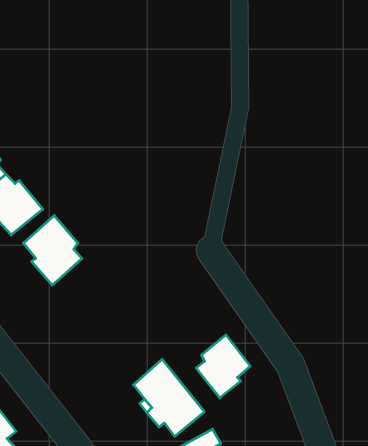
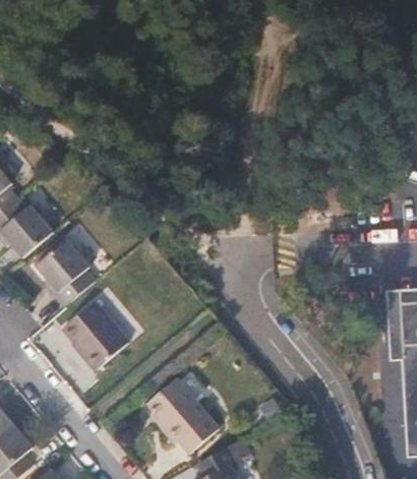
building: none -> [60,301,128,369]
building: [196,335,250,398] -> none

